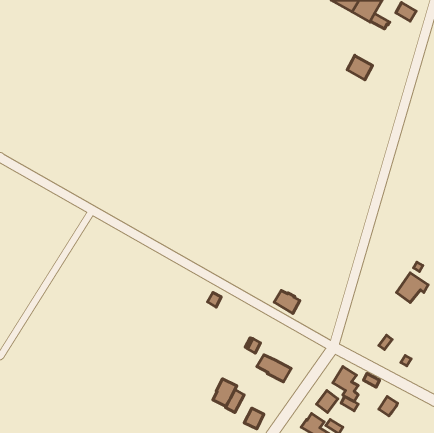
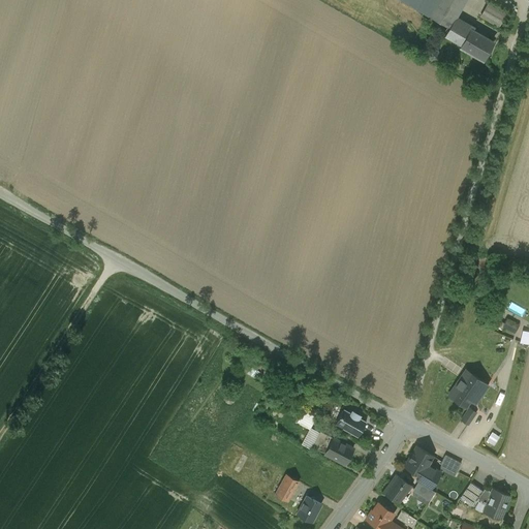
building: [347,55,373,80] -> [462,31,493,61]
building: [397,273,428,303] -> [449,372,488,408]
building: [274,290,300,313] -> [336,410,367,438]
building: [213,379,237,406] -> none
building: none -> [477,490,510,520]

